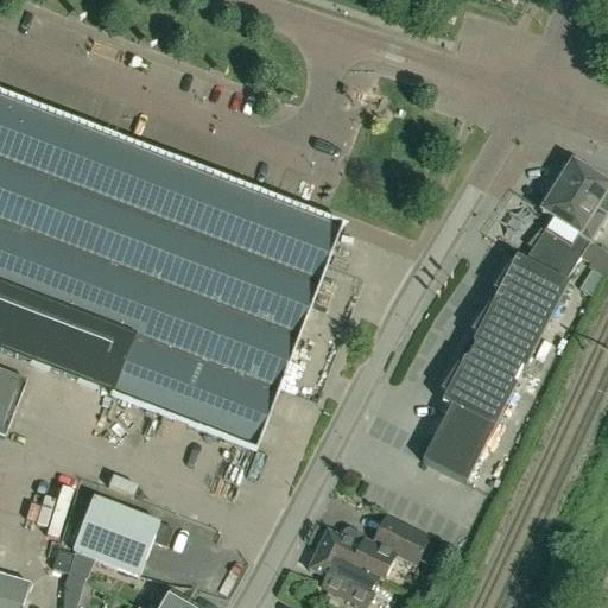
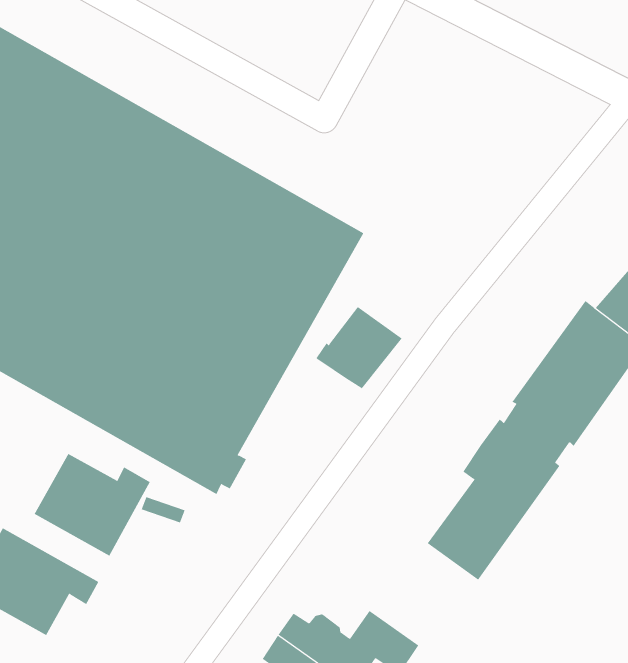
building: none -> [316,306,403,389]
building: none -> [34,453,151,556]

